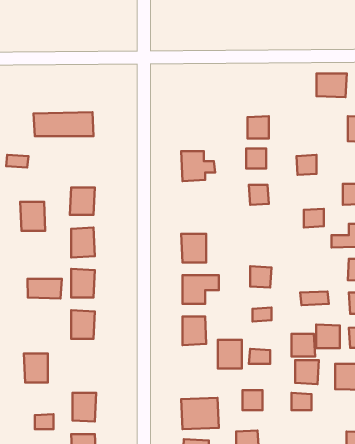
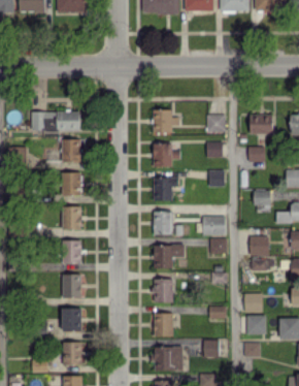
building: [317,74,347,97] -> [250,115,274,134]
building: none -> [153,109,178,132]
building: none -> [153,173,178,201]
building: [20,202,45,231] -> [61,138,81,162]
building: none -> [204,216,226,235]
building: [28,279,62,299] -> none
building: [316,324,340,348] -> [250,235,269,255]
building: [218,340,242,369] -> [154,313,173,336]
building: [24,354,48,382] -> [62,308,81,331]

